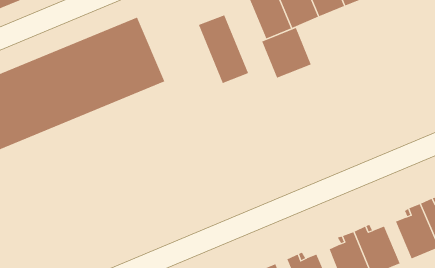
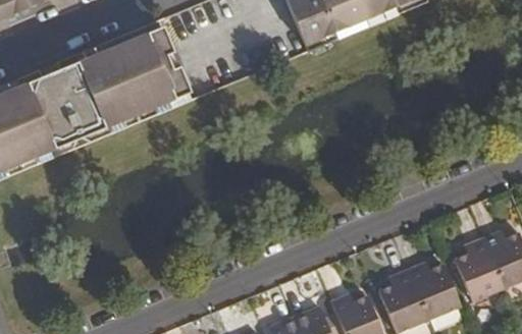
building: [198,14,249,84] -> none
building: [261,27,311,78] -> none

